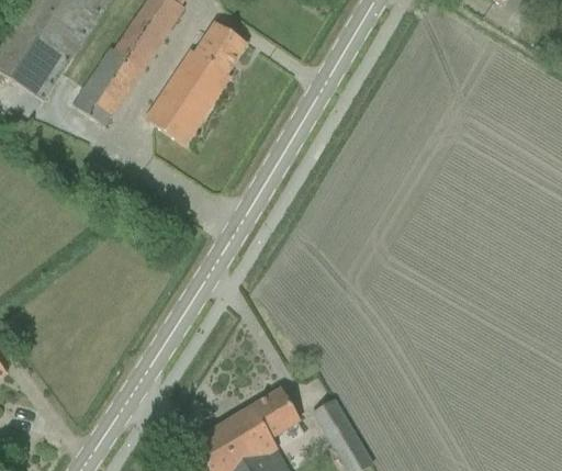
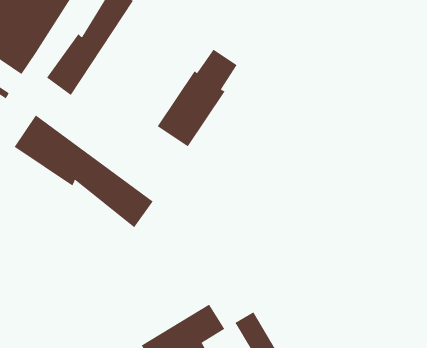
building: [145,20,247,144] -> [157,49,238,147]
building: none -> [14,114,154,228]

